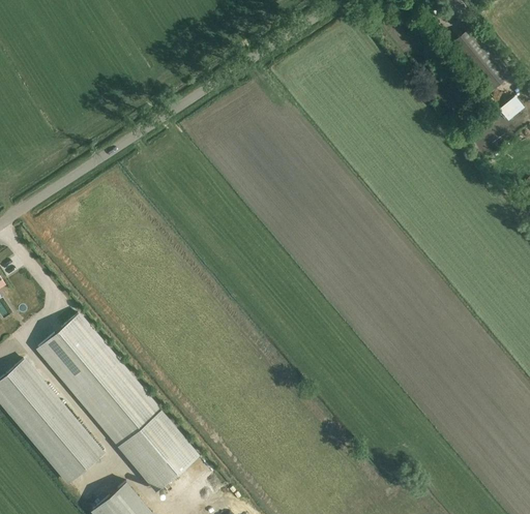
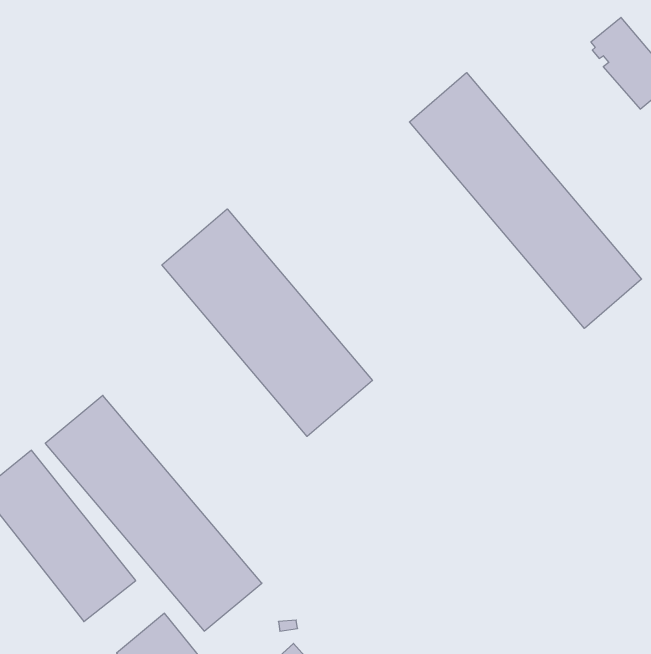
building: none -> [409,73,642,328]
building: none -> [162,209,372,436]

